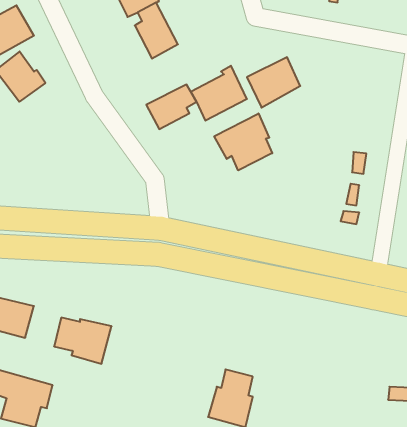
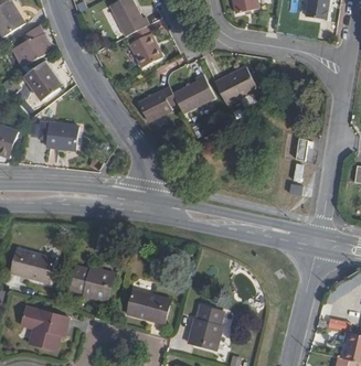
building: [214,113,272,170] -> none
building: none -> [36,121,77,149]
building: none -> [125,290,168,323]

